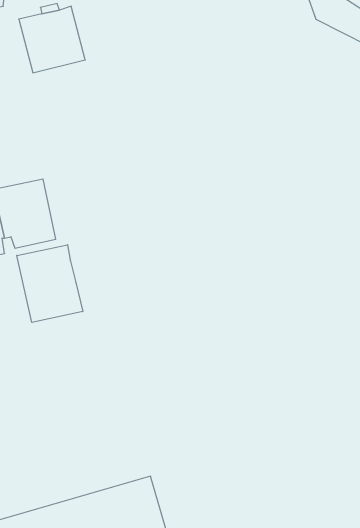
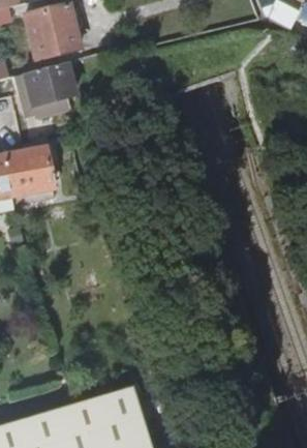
building: none -> [24,64,73,108]
building: [17,245,83,322] -> none

